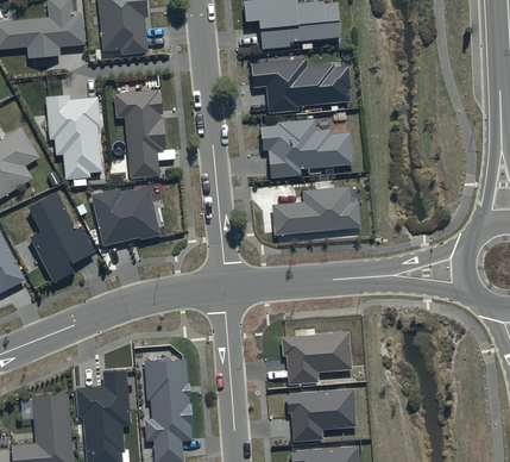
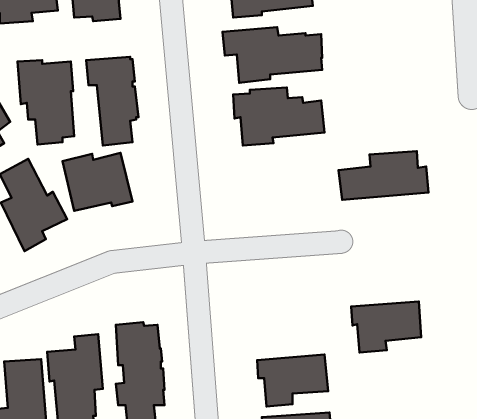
building: [271,187,361,236] -> [338,151,429,200]
building: [281,330,351,381] -> [351,302,421,353]

